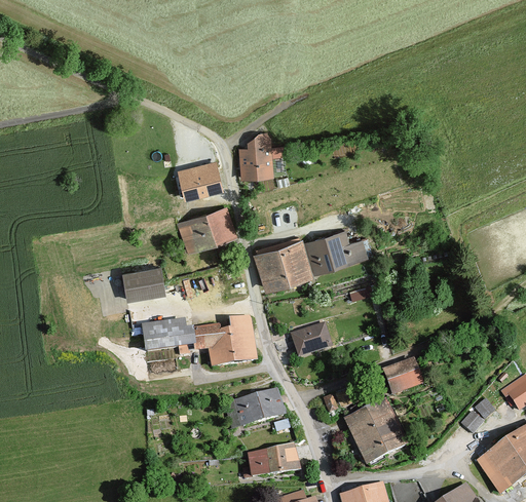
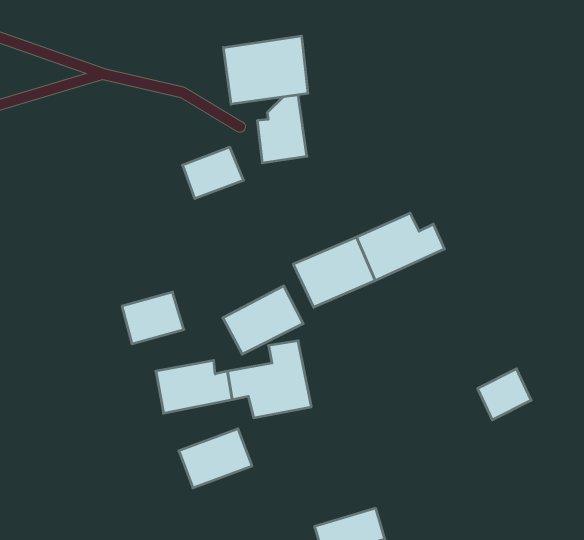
building: none -> [223,36,308,104]
building: [179,206,238,254] -> [223,286,303,354]
building: [291,323,333,358] -> none
building: [233,389,287,429] -> [179,429,252,488]
building: [343,396,406,460] -> none

